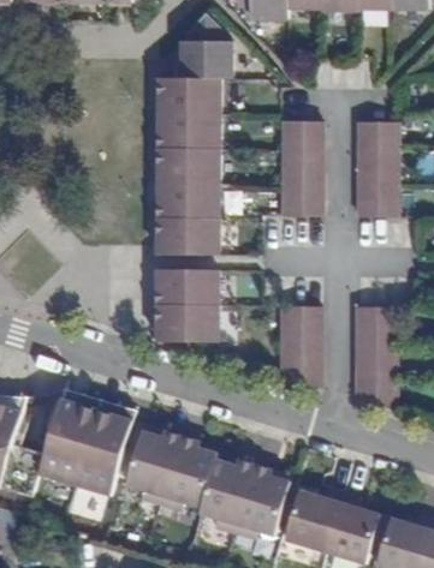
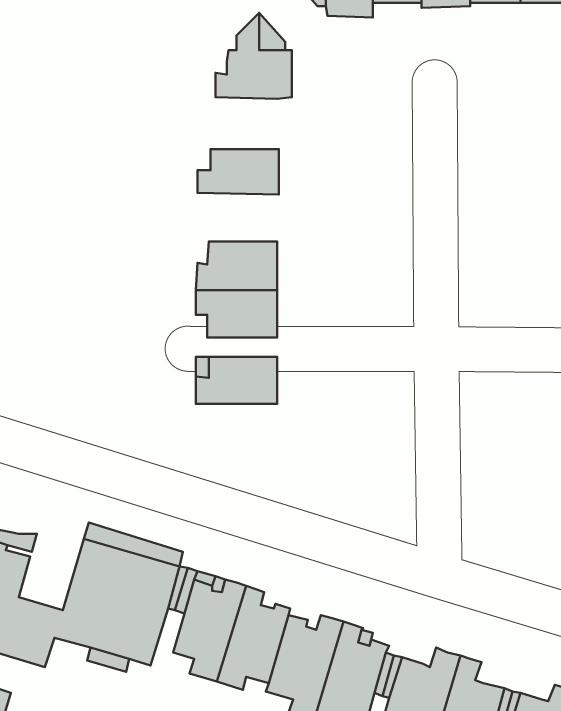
building: [156,77,216,115] -> none
building: [278,122,317,217] -> none
building: [352,122,393,217] -> none
building: [156,148,216,184] -> none
building: [155,304,215,337] -> none
building: [277,305,315,387] -> none
building: [351,305,391,409] -> none

